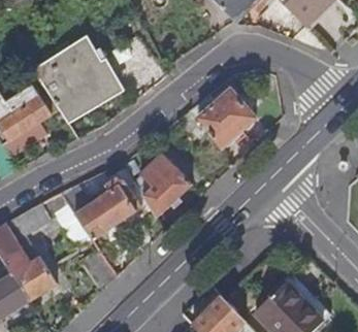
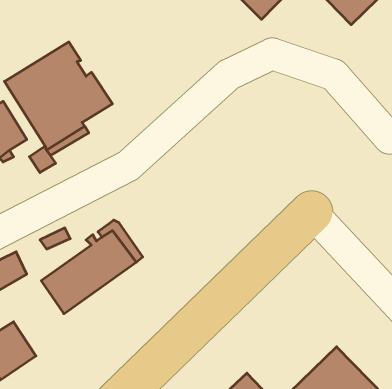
building: [196,89,254,148] -> none
building: [133,154,191,218] -> none

